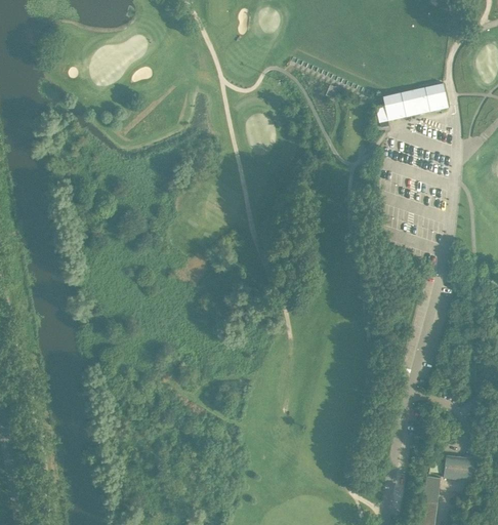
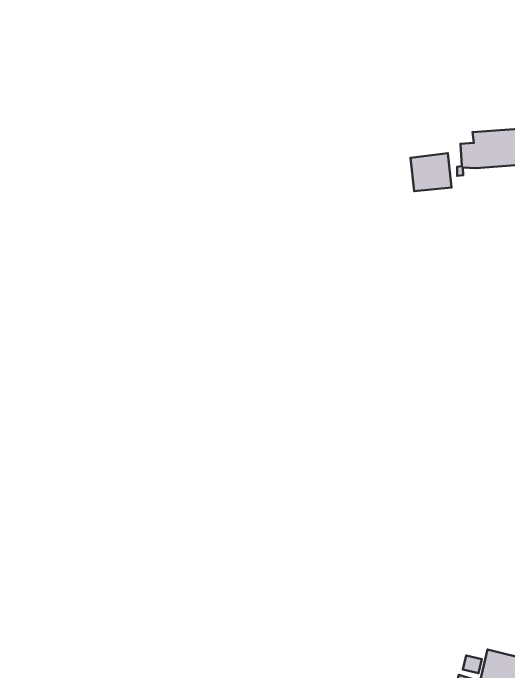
building: none -> [410,153,451,191]

